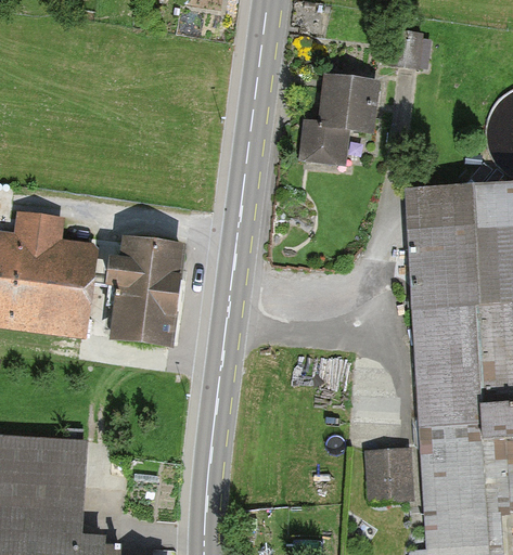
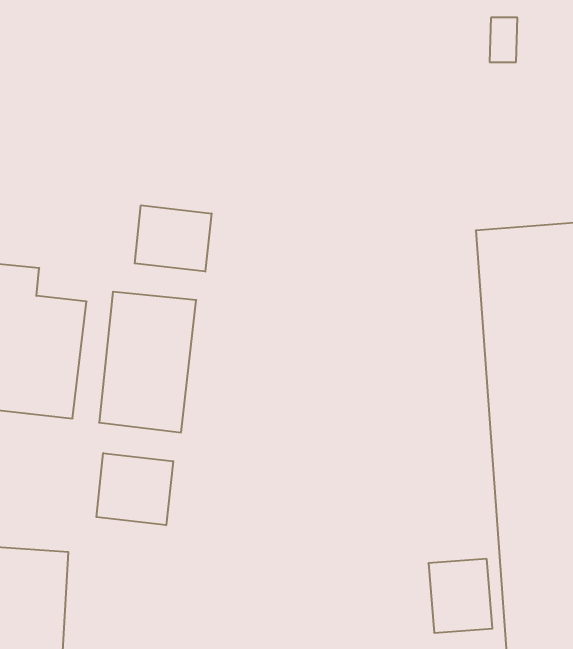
building: [297,74,381,165] -> none
building: none -> [135,205,212,272]
building: none -> [96,453,173,525]

